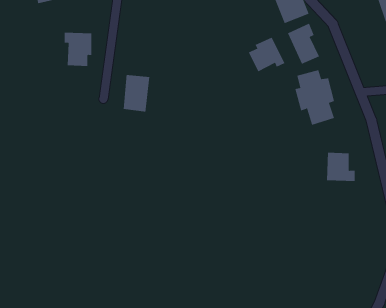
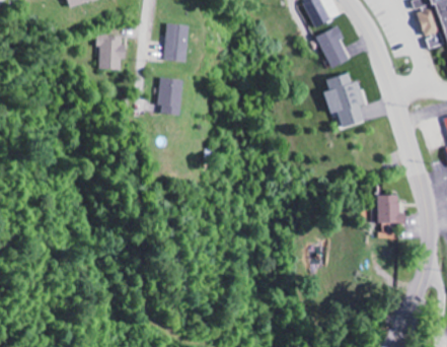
building: none -> [161,22,190,61]
building: [248,37,285,72] -> none
building: [326,152,356,181] -> [378,194,407,223]

